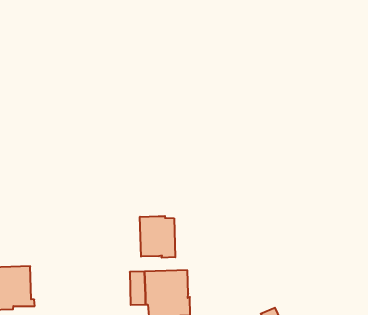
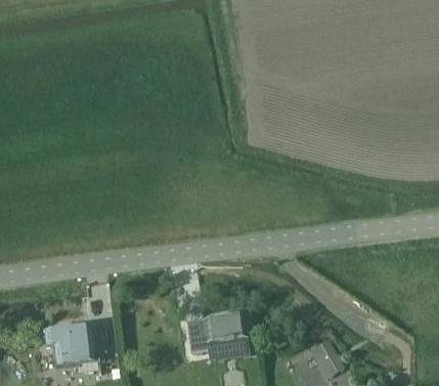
building: [140,216,175,258] -> none

